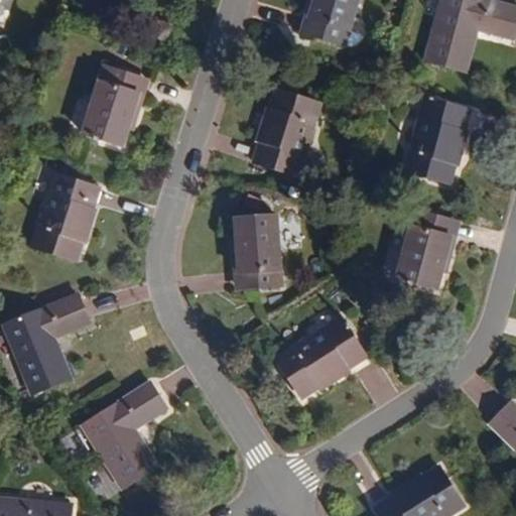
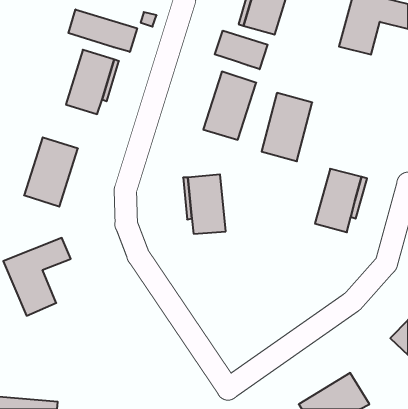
building: none -> [68,9,137,52]
building: none -> [215,31,268,69]
building: [405,97,469,182] -> [262,93,312,161]
building: [275,316,364,396] -> none
building: [85,388,167,492] -> none

